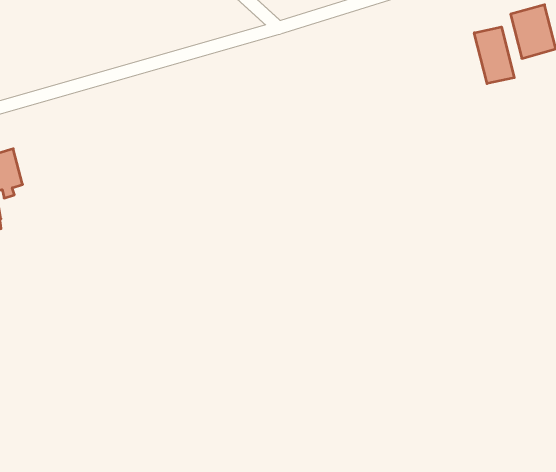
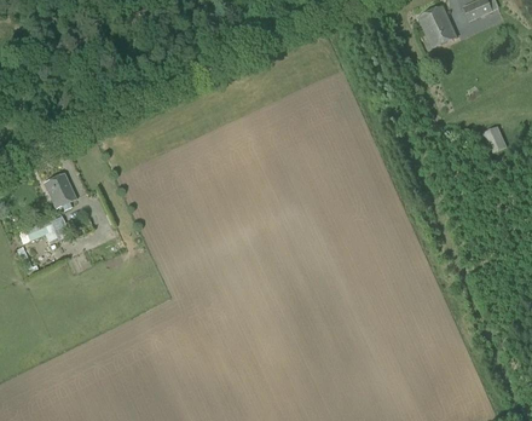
building: [474,27,514,84] -> none

